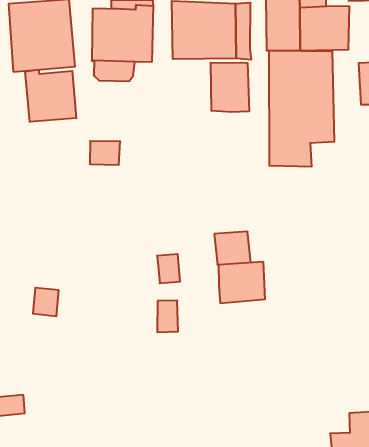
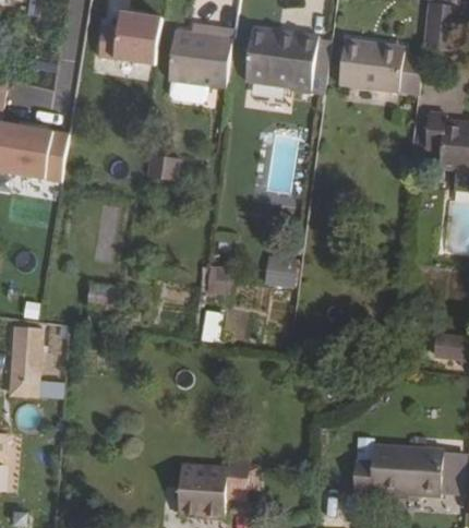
building: [269,50,334,167] -> none
building: [211,63,249,112] -> none
building: [25,70,76,122] -> none
building: [219,262,265,303] -> none

